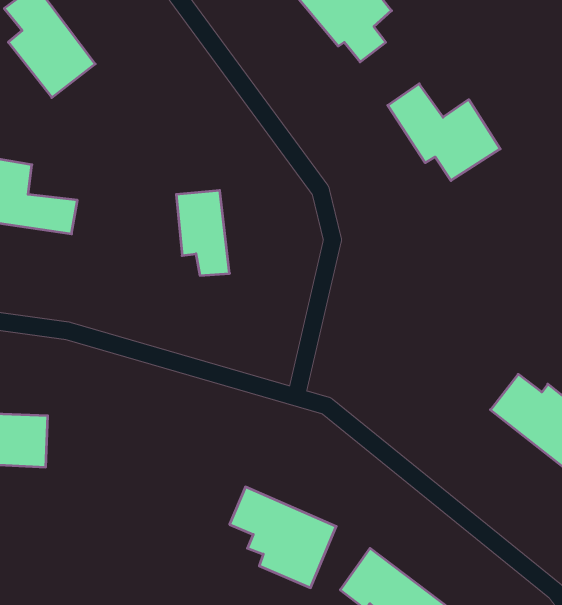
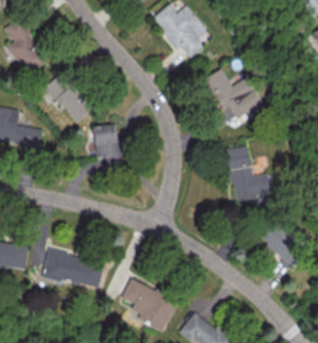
building: none -> [44,69,97,124]
building: none -> [225,146,278,207]
building: none -> [41,248,104,289]

